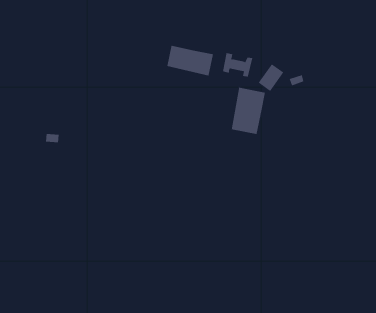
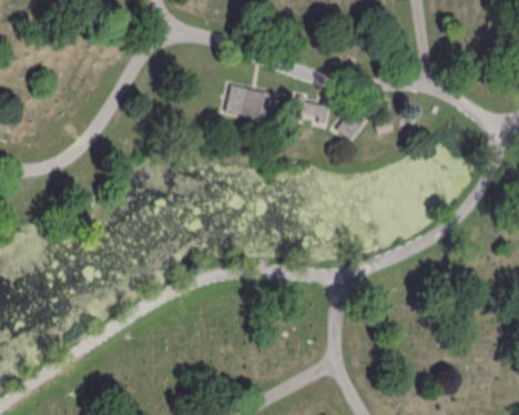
building: [231,87,266,135] -> none

